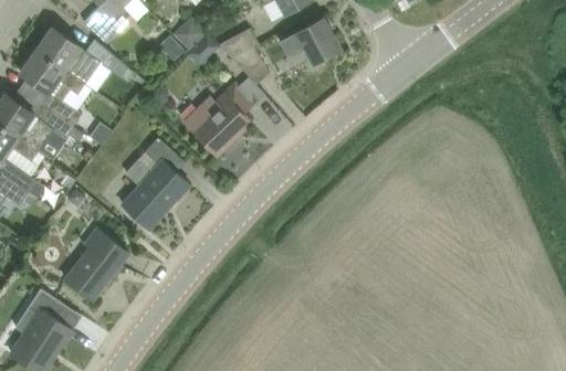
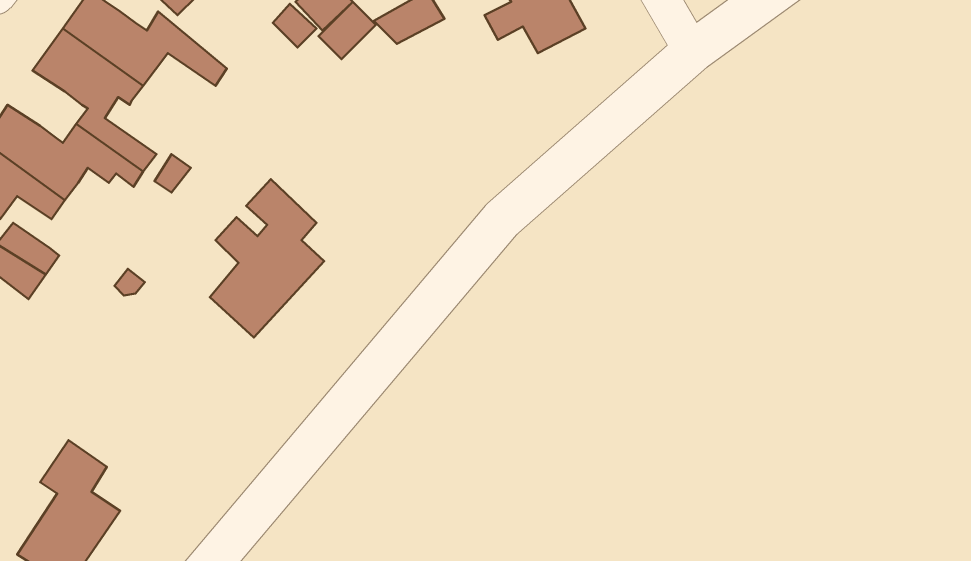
building: [230,44,268,85] -> none
building: [181,81,253,156] -> none
building: [63,229,127,300] -> none

